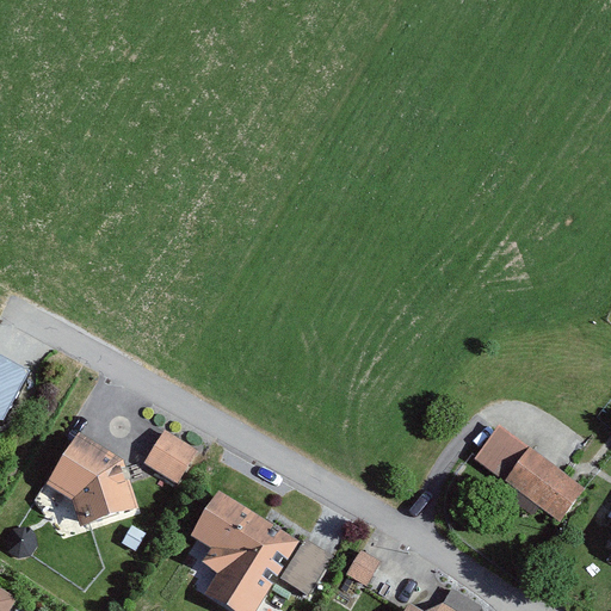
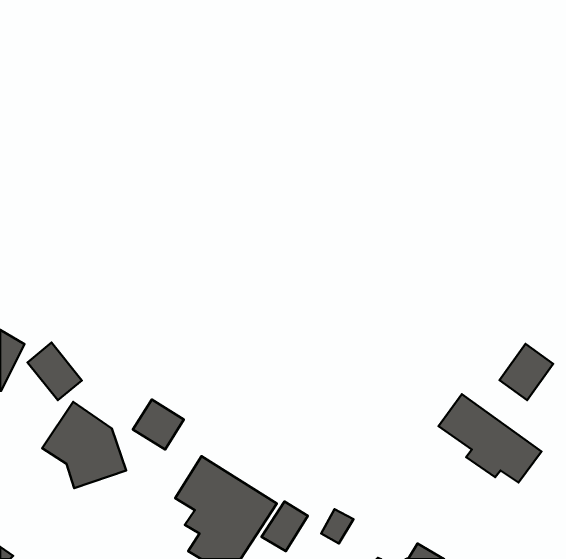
building: none -> [27,343,82,400]
building: none -> [499,344,553,400]

